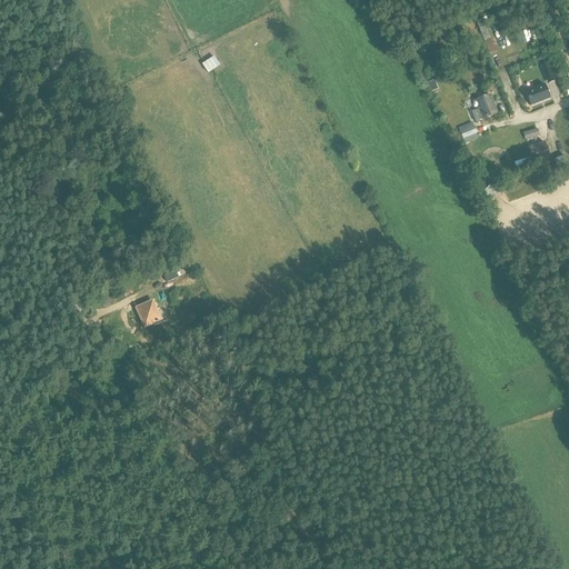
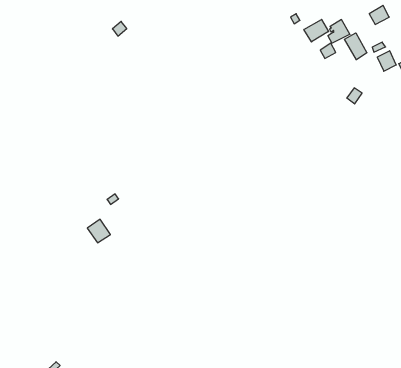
building: none -> [304,19,329,42]
building: none -> [344,33,367,60]

